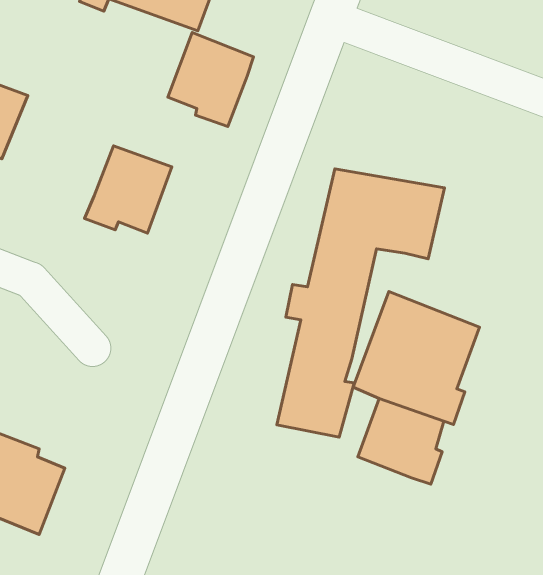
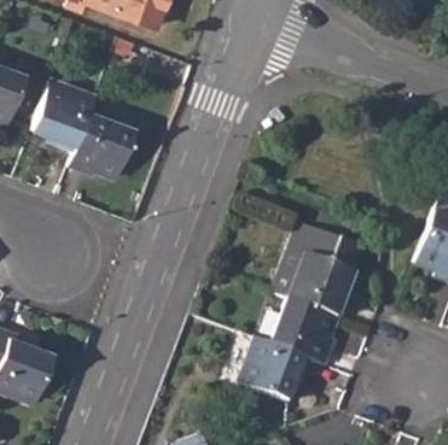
building: [168,32,254,126] -> [31,81,95,151]
building: [277,169,444,437] -> none
building: none -> [242,340,313,403]

